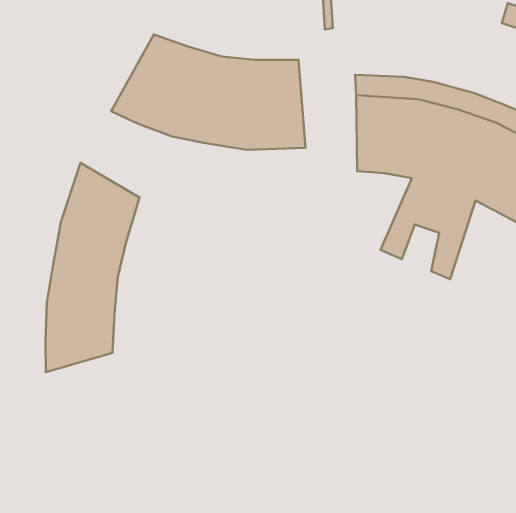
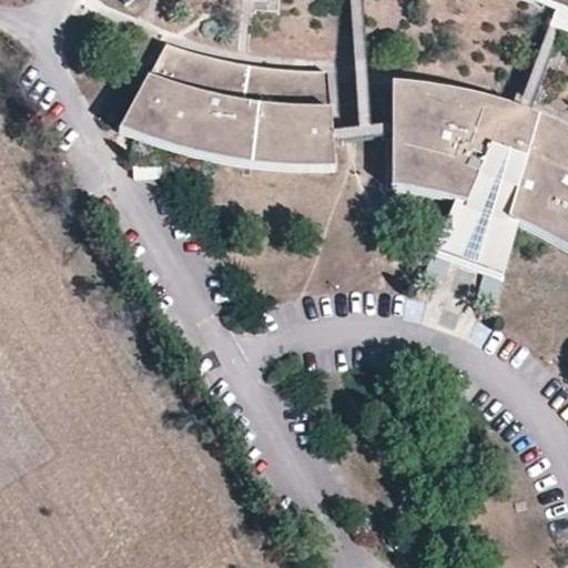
building: [45,163,140,372] -> none

